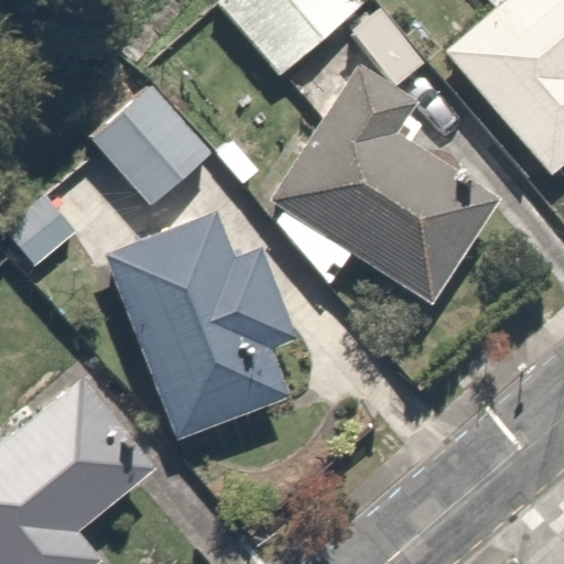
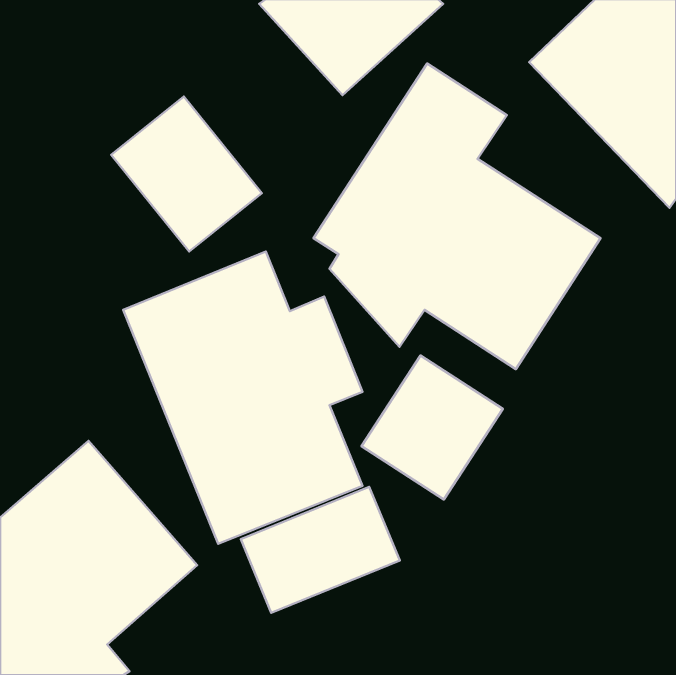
building: none -> [361,356,503,500]
building: none -> [241,487,400,613]

